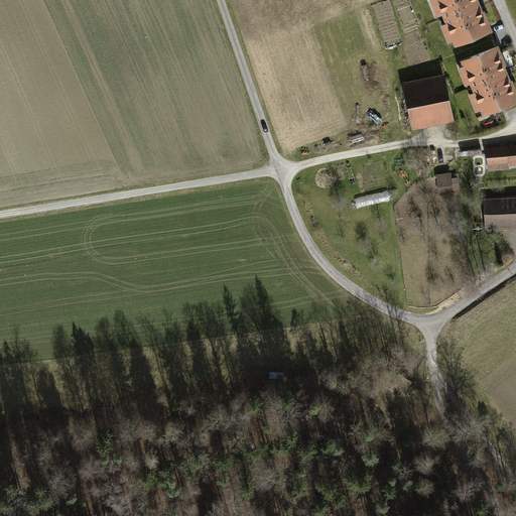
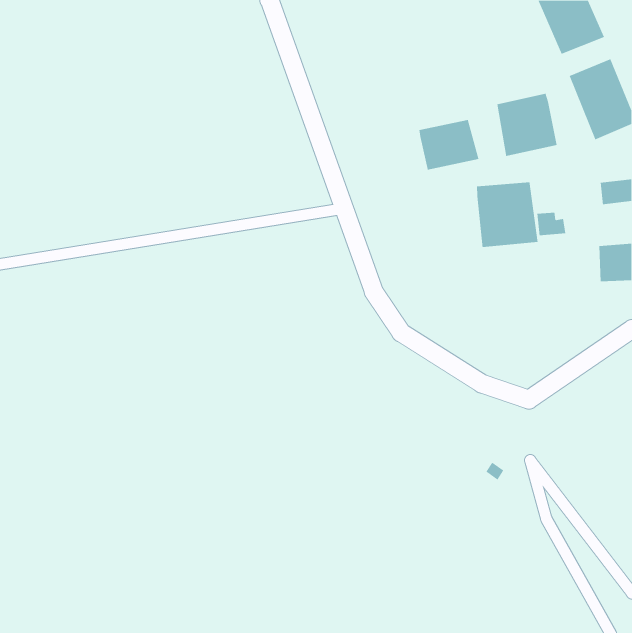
building: none -> [419,119,479,170]
building: none -> [476,181,538,248]

